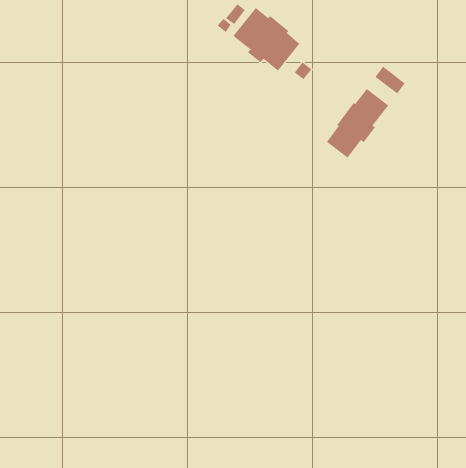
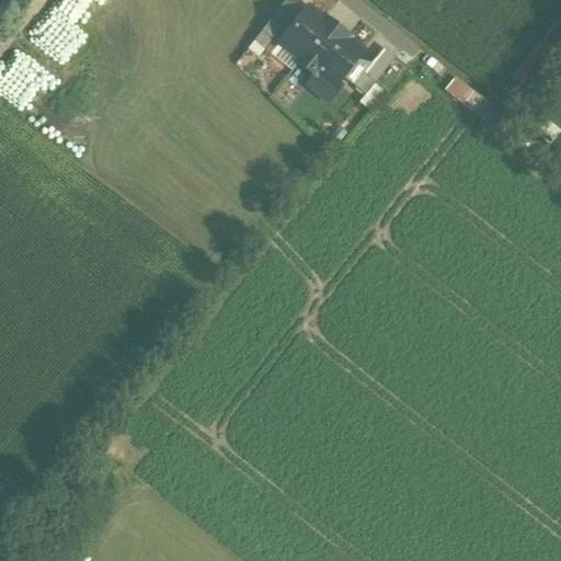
building: [326,88,389,159] -> none

